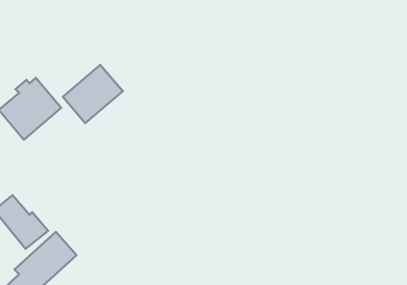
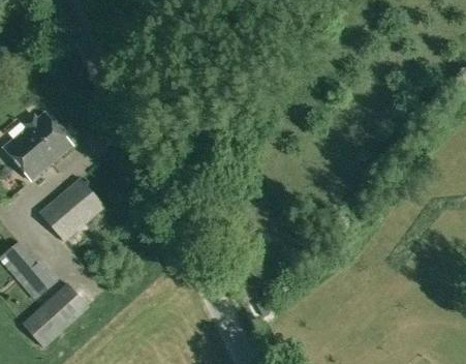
building: [63,65,123,123] -> [39,177,105,241]

